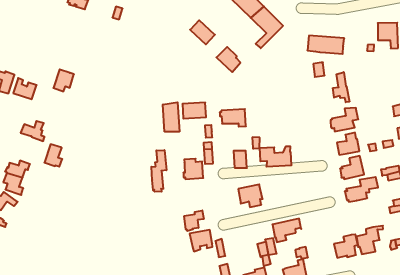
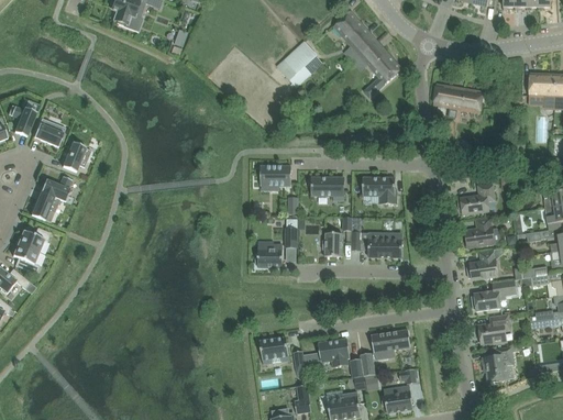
building: [216,47,240,72] -> [289,41,321,75]
building: [53,69,74,91] -> [62,142,90,172]
building: [333,72,349,102] -> none
building: [163,102,179,132] -> none
building: none -> [362,177,396,203]
building: [44,144,62,167] -> [30,190,54,221]
building: [151,150,166,192] -> none
building: [238,184,263,207] -> [318,338,350,367]
building: [184,210,204,231] -> none
building: [334,234,358,258] -> [477,313,509,343]

